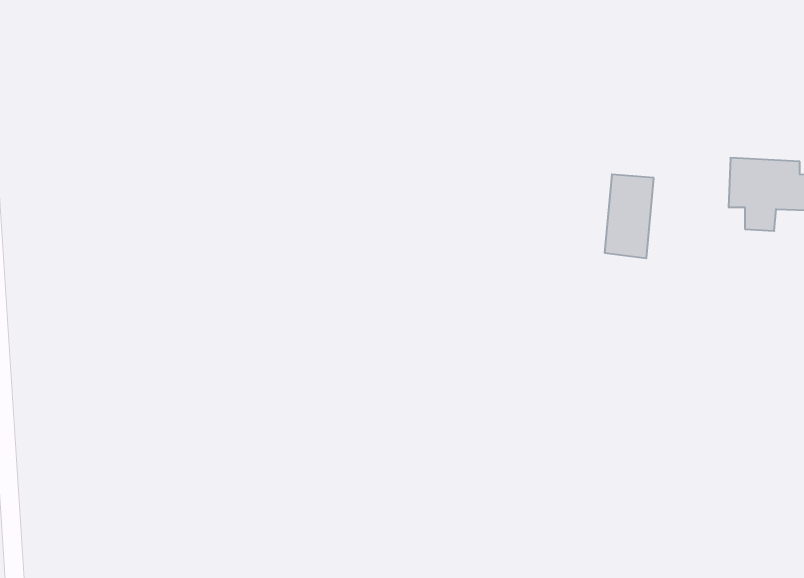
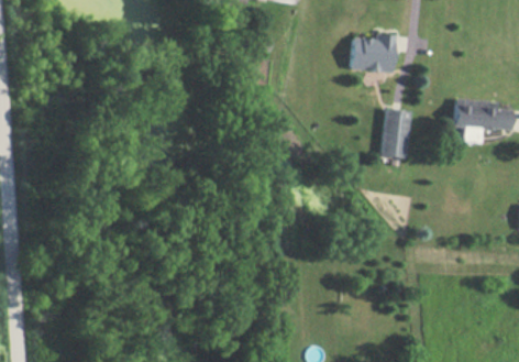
building: none -> [349,34,396,72]

